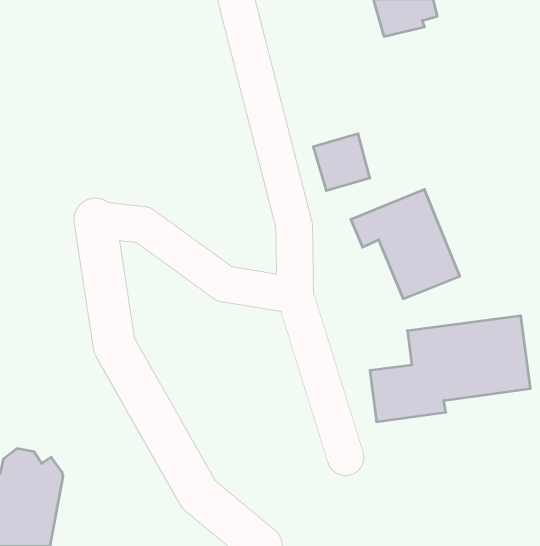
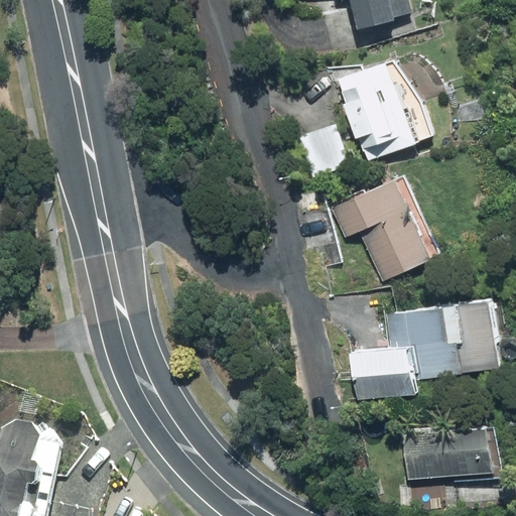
building: none -> [339,61,415,160]
building: none -> [404,429,497,481]

